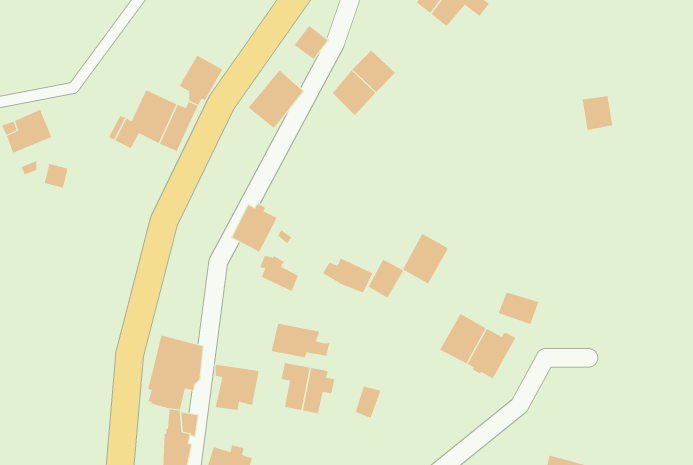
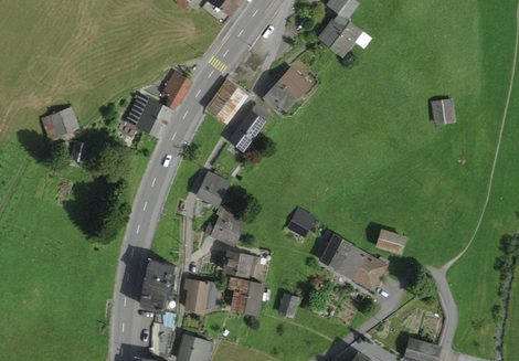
building: none -> [230,106,268,149]
building: [402,233,448,284] -> [319,234,350,268]
building: [322,257,373,293] -> [203,220,237,244]

